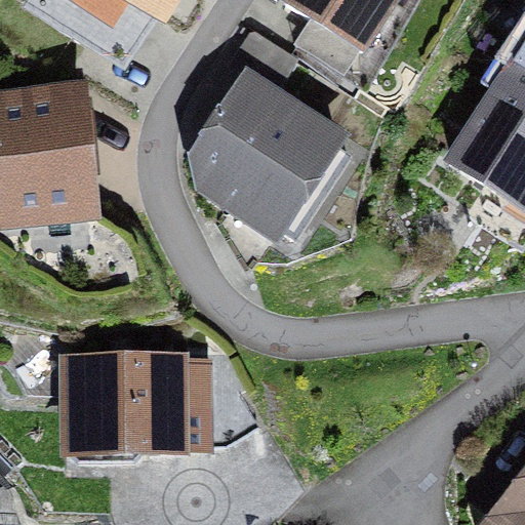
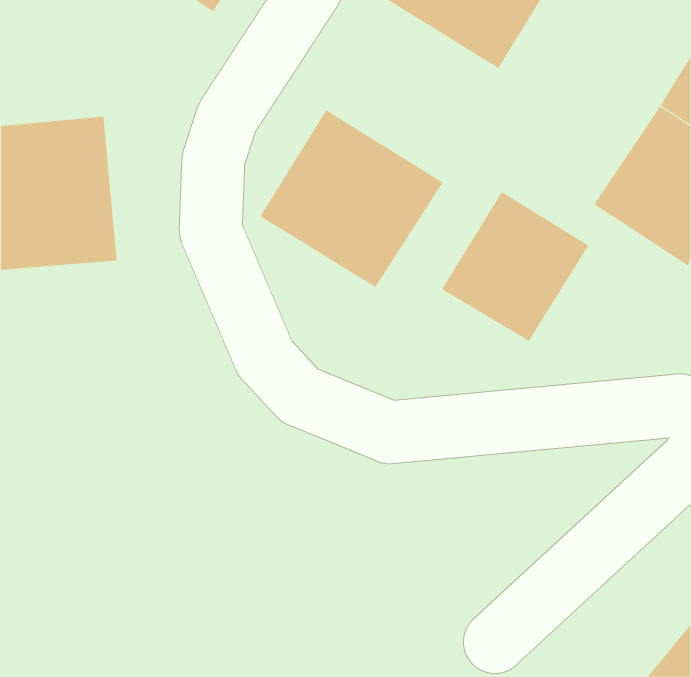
building: none -> [441,191,589,342]
building: [76,360,204,439] -> none

